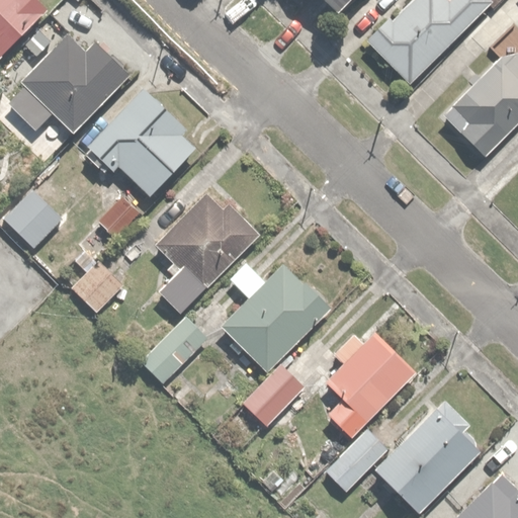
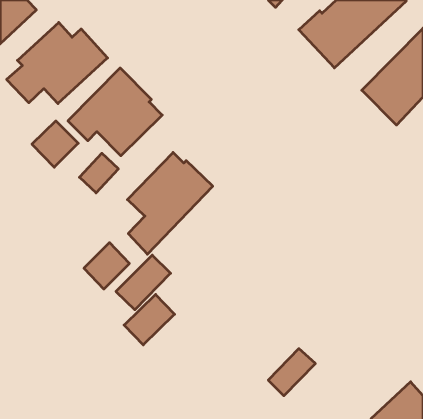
building: [6,190,63,247] -> [32,121,78,167]
building: [72,255,127,312] -> [84,243,129,289]
building: [222,261,332,370] -> none
building: [324,332,417,436] -> none
building: [242,364,304,426] -> [124,294,175,345]
building: [374,399,483,512] -> none

